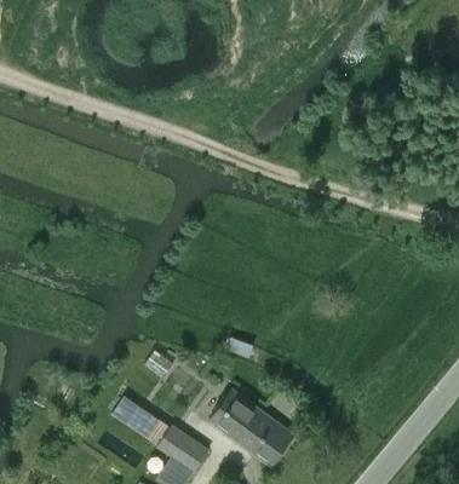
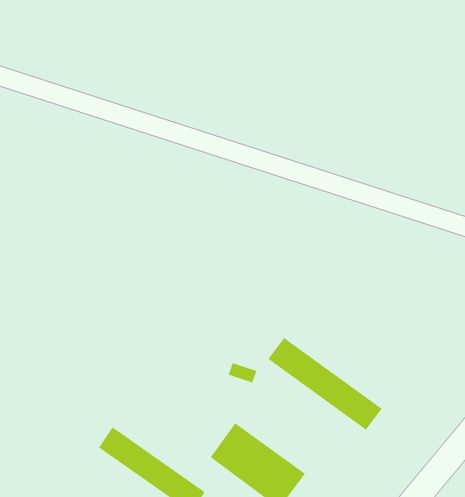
building: none -> [267,337,383,431]

